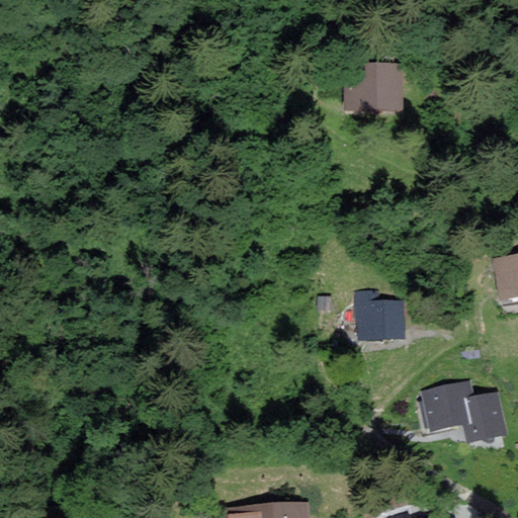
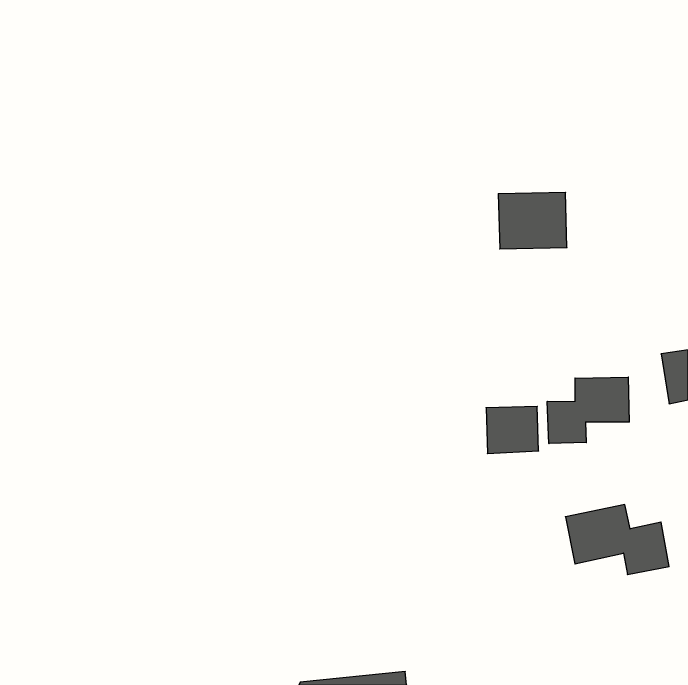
building: [348,72,400,114] -> [498,192,567,249]
building: none -> [547,377,629,444]

